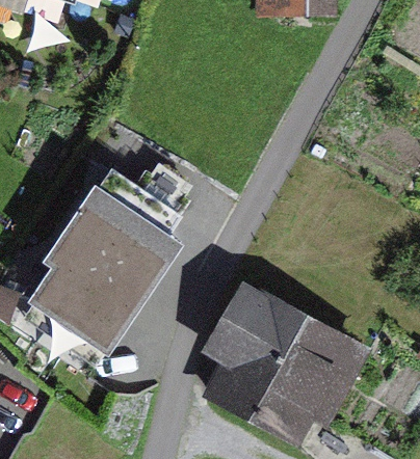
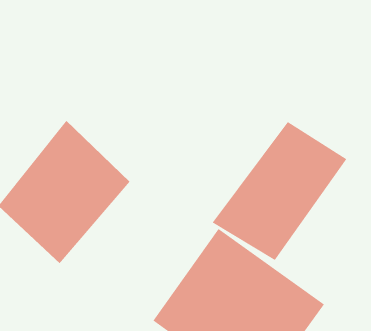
building: none -> [212,121,347,261]

